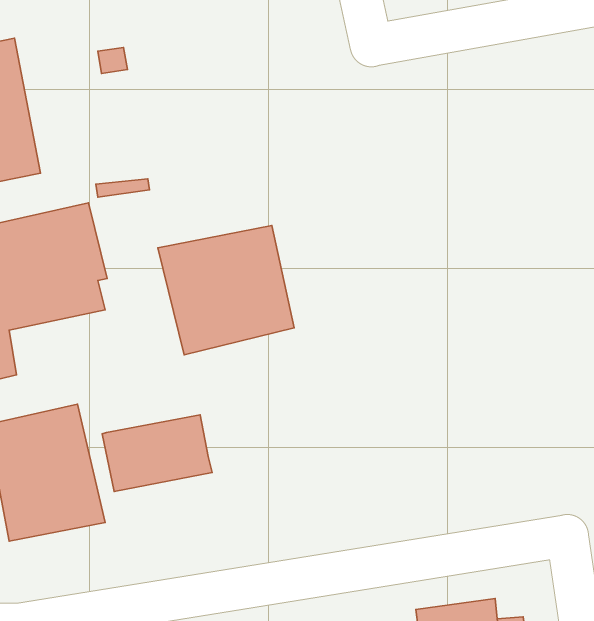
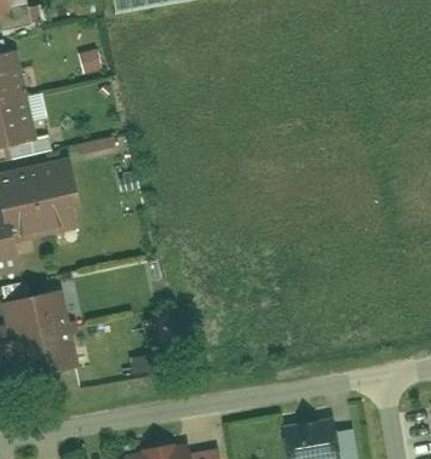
building: [158,226,294,355] -> none
building: [102,415,212,491] -> none

